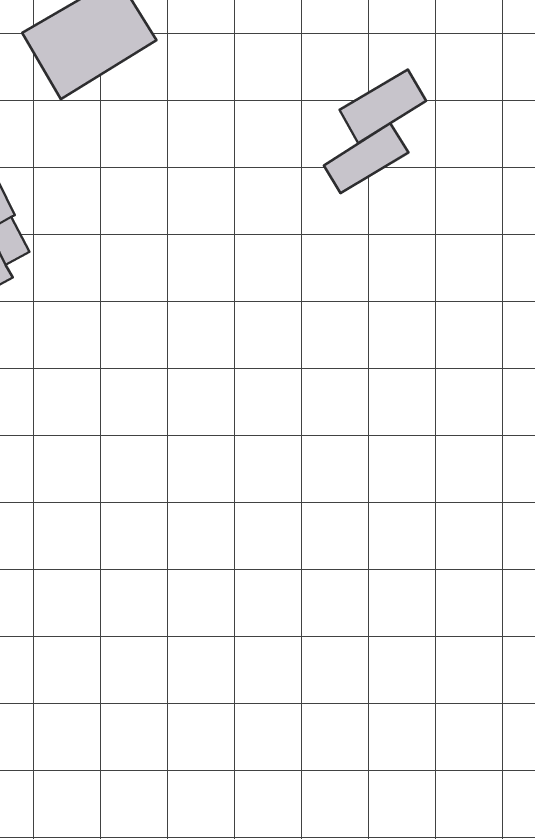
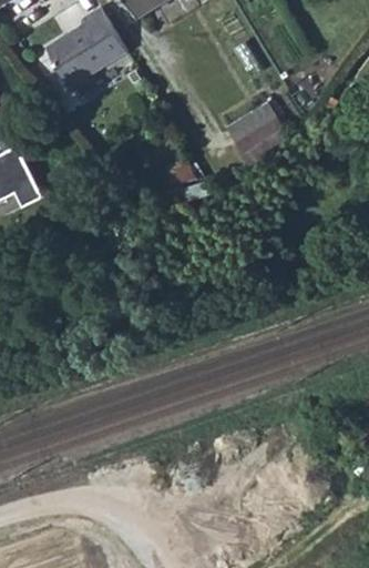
building: [340,69,426,143] -> [236,120,288,164]

